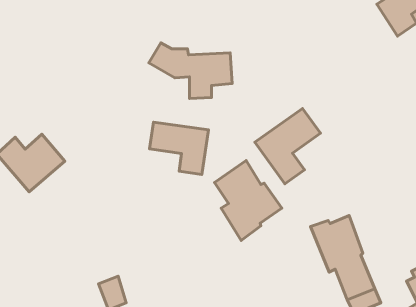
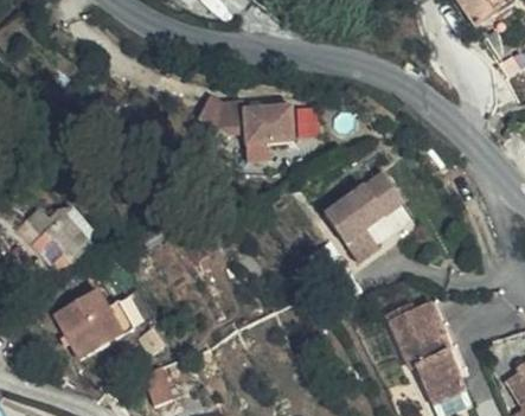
building: [149,122,208,174] -> none
building: [214,161,282,240] -> none
building: none -> [58,297,122,365]

